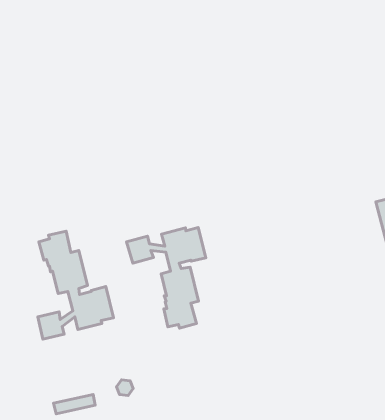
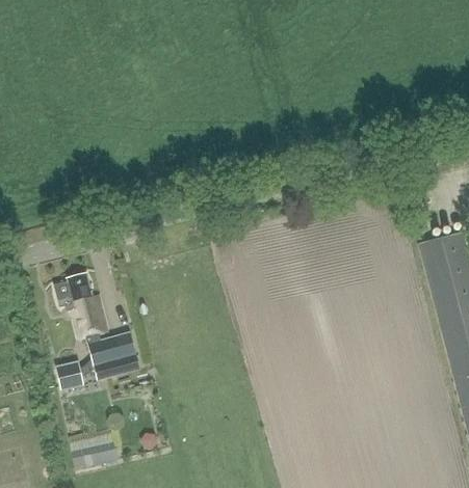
building: [127,228,206,328] -> none

